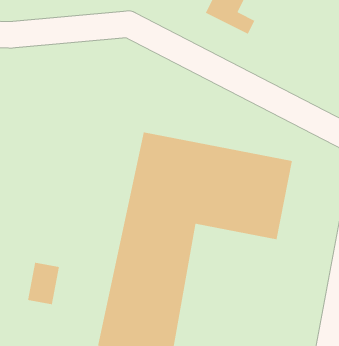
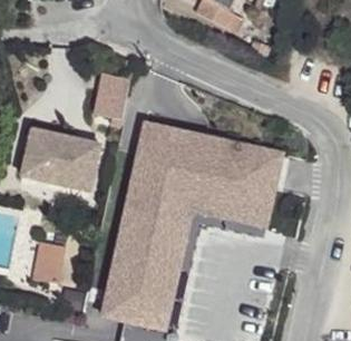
building: none -> [96,72,131,128]
building: none -> [21,131,100,193]

